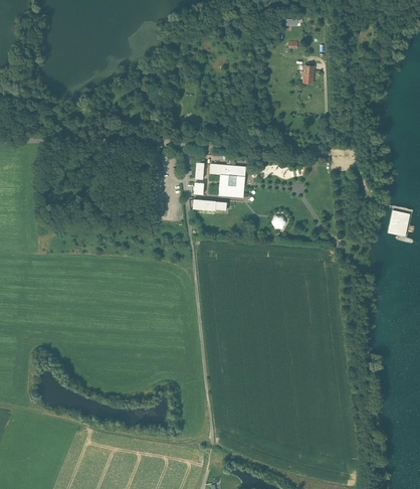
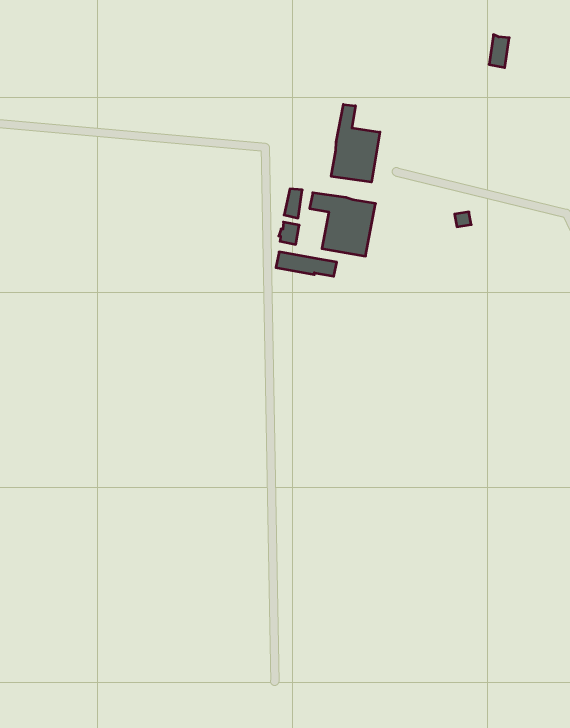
building: none -> [331,104,380,182]

